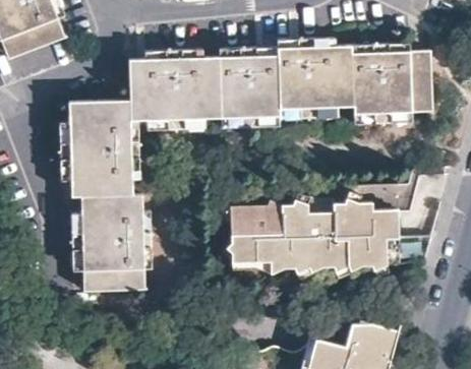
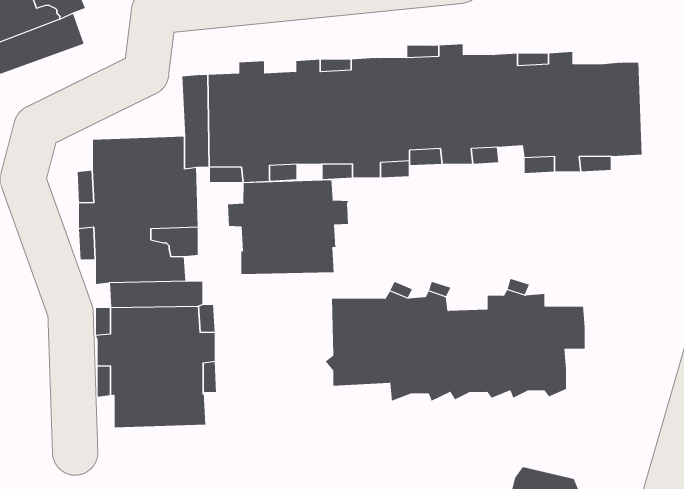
building: none -> [227,180,349,275]

